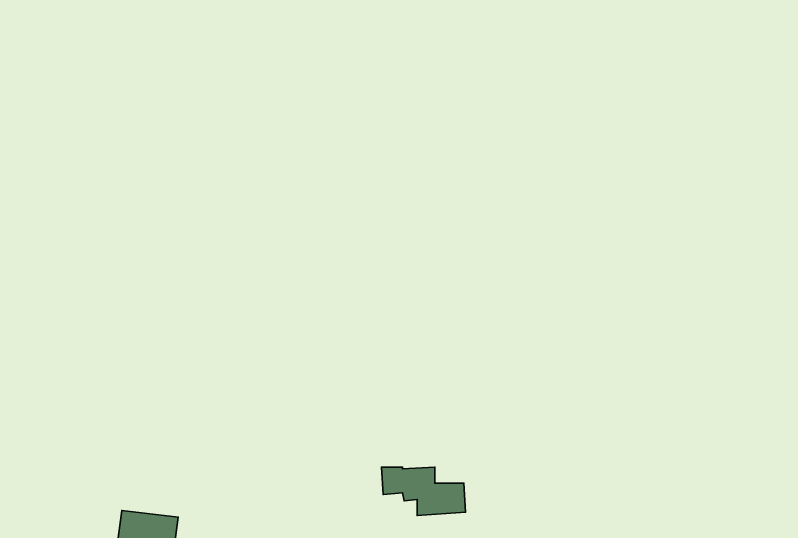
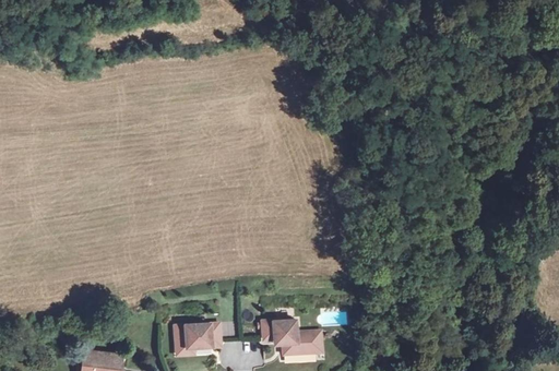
building: none -> [175,325,219,352]

